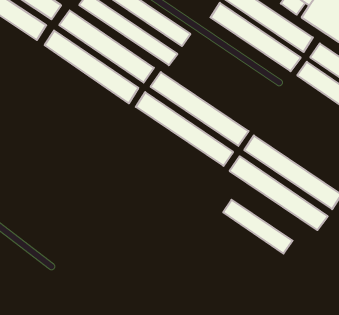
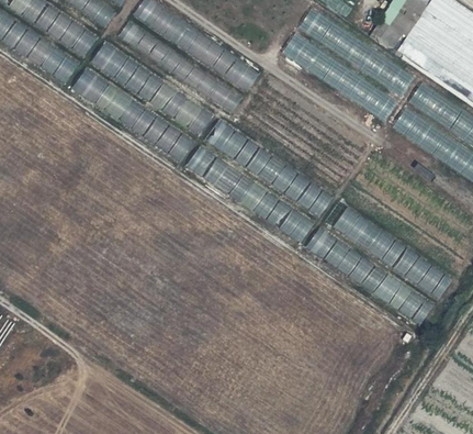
building: [223,200,293,254] -> none

